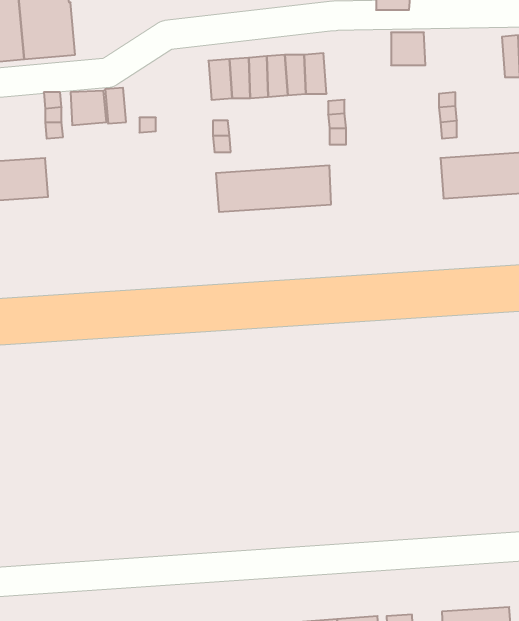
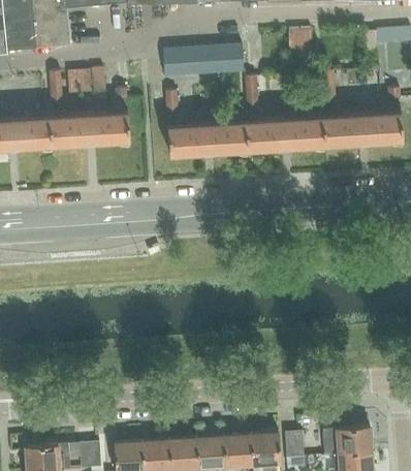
building: none -> [50,114,129,145]
building: none -> [246,118,324,150]

